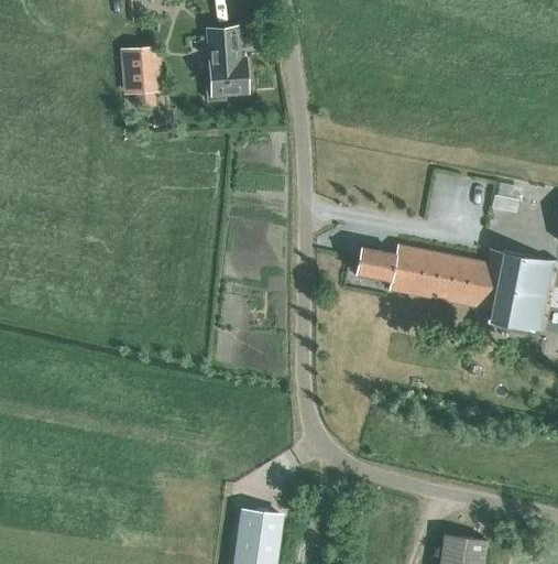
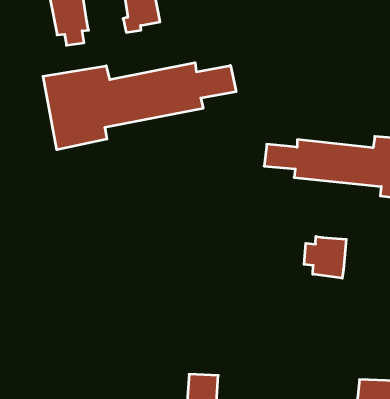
building: none -> [43,63,236,150]
building: none -> [304,236,346,278]

